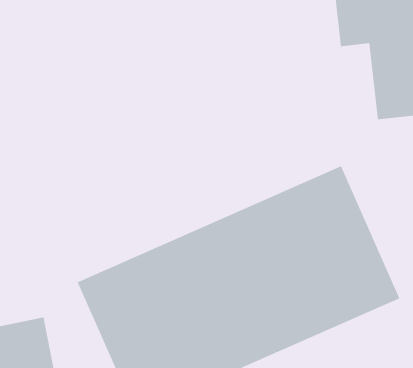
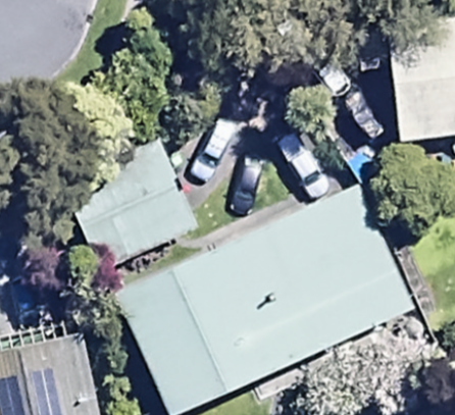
building: none -> [63,147,200,276]

